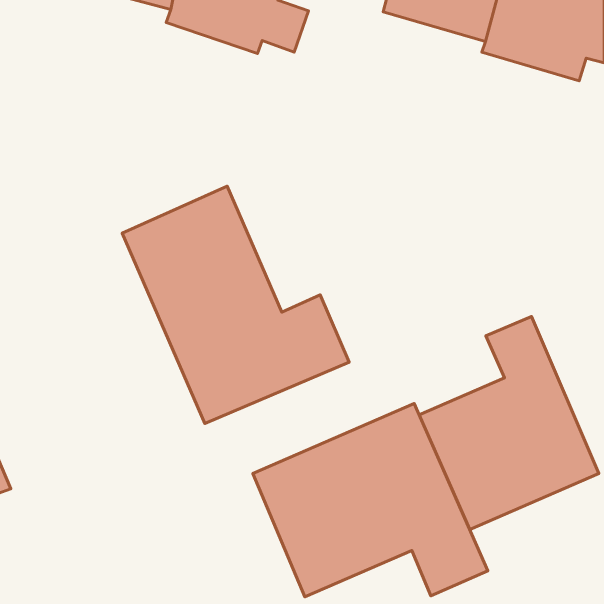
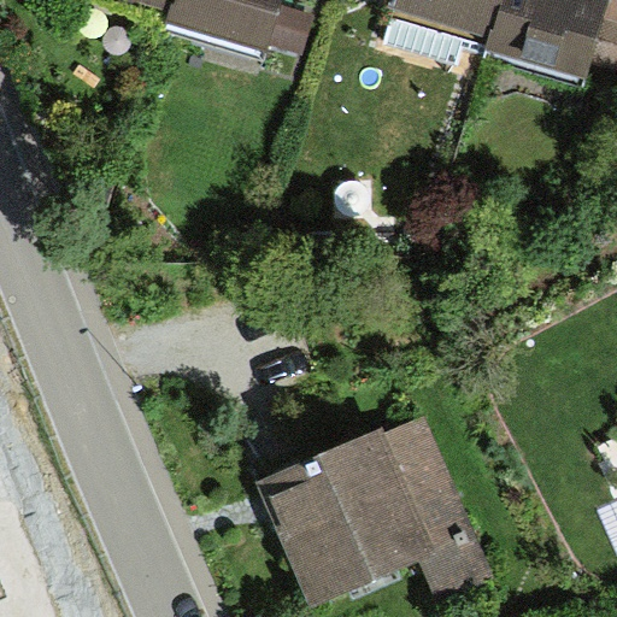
building: [122,186,349,424] -> none
building: [419,316,599,529] -> none

